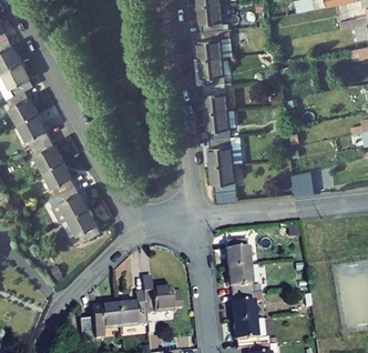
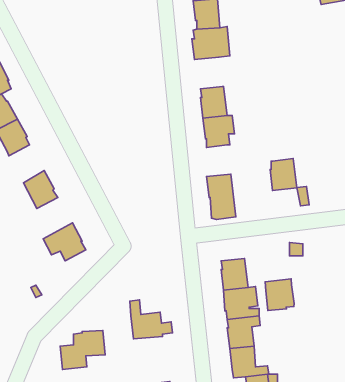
building: [200,57,225,85] -> none
building: [31,137,63,171] -> none
building: [208,137,233,165] -> [270,159,297,190]
building: [52,184,89,222] -> none
building: none -> [265,279,294,311]
building: [116,292,145,327] -> none

